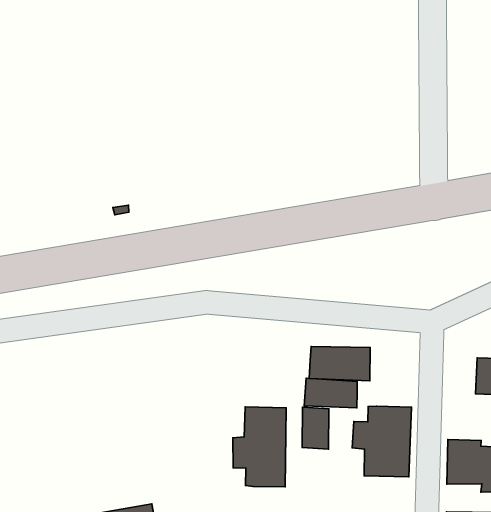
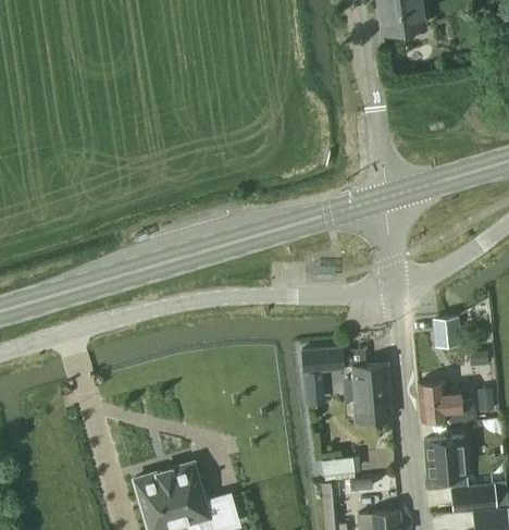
building: [309,347,370,381] -> none
building: [233,407,286,487] -> none

